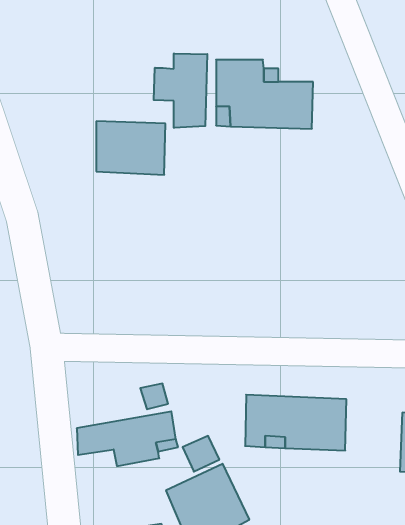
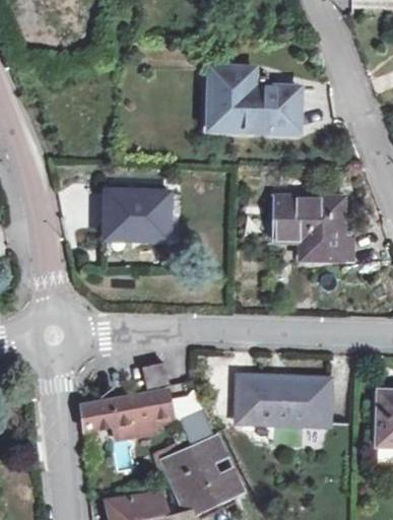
building: [154,53,207,128] -> none
building: [96,121,165,175] -> [105,191,168,240]
building: none -> [276,197,351,262]

